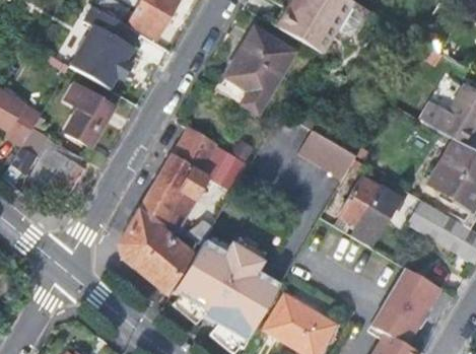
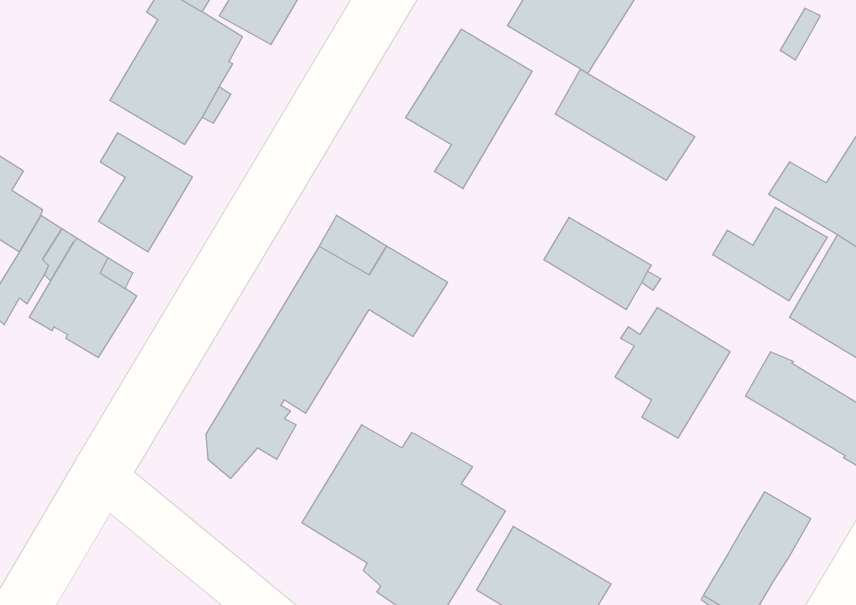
building: none -> [555,69,695,180]
building: none -> [713,207,827,301]
building: [133,238,192,291] -> none

